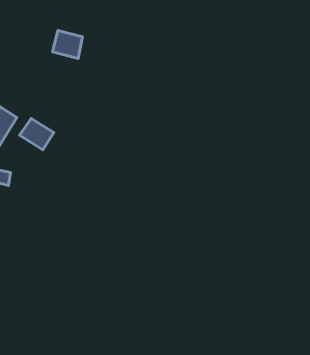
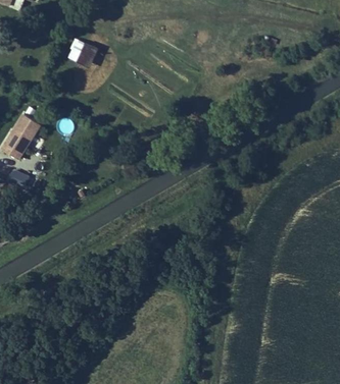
building: [19,118,54,150] -> none

